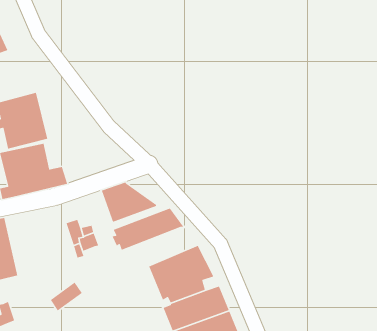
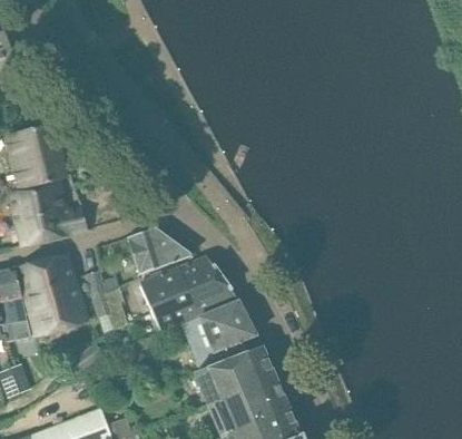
building: none -> [17,254,87,336]
building: none -> [149,280,237,330]

